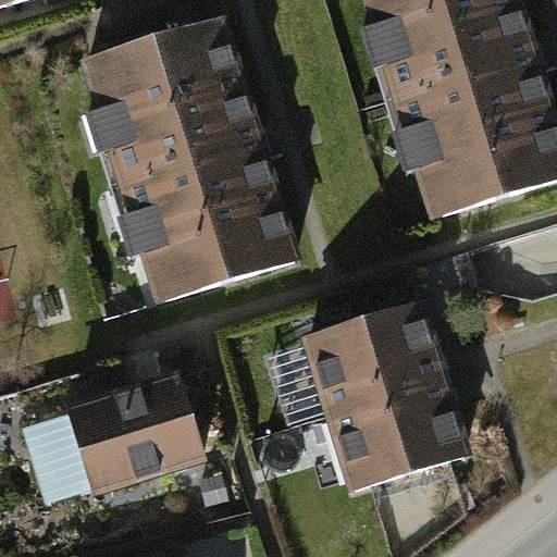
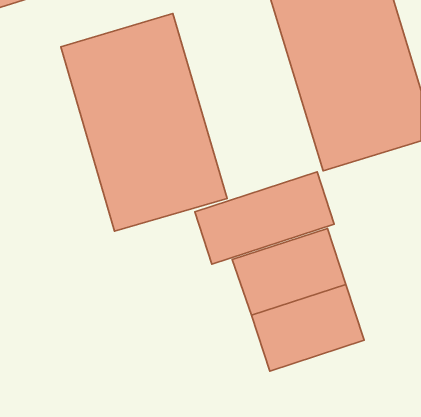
building: none -> [195,172,334,264]
building: [22,374,205,506] -> none

